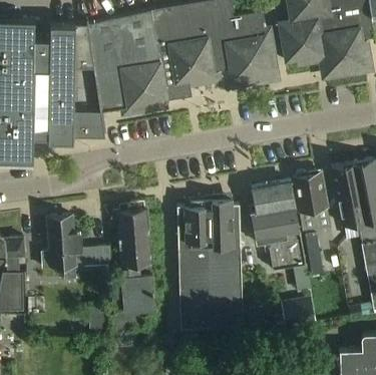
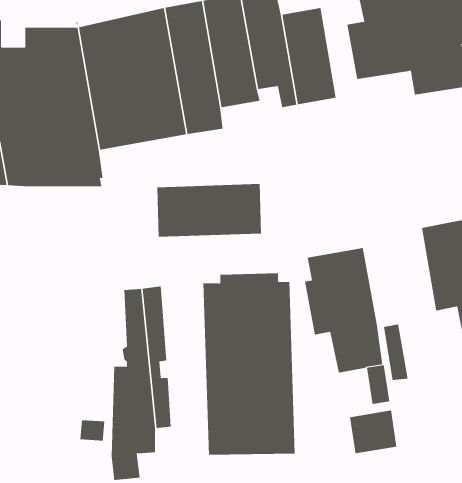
building: none -> [157,183,261,238]
building: [293,172,330,231] -> none
building: [40,213,109,278] -> none

